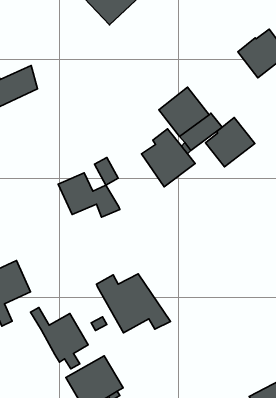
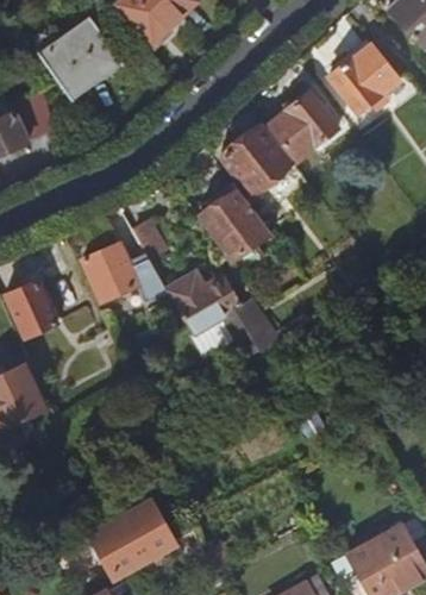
building: none -> [42,18,121,95]
building: [205,118,255,167] -> [272,93,340,161]
building: none -> [10,281,58,337]
building: [97,274,170,333] -> [168,276,269,357]
building: [30,308,88,369] -> none

